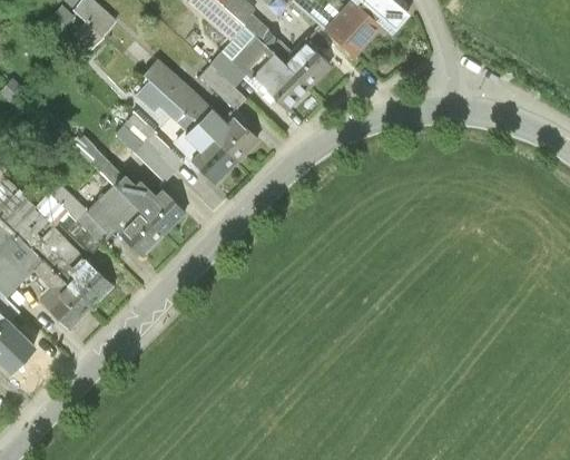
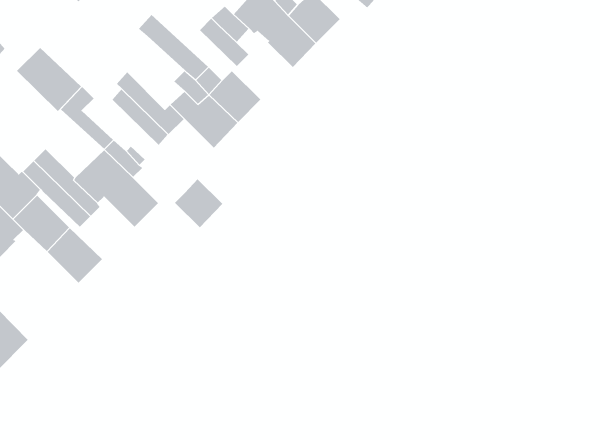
building: [138,80,186,121] -> none
building: none -> [16,47,82,112]
building: [139,187,184,233] -> [174,178,223,228]
building: [30,257,89,329] -> none

